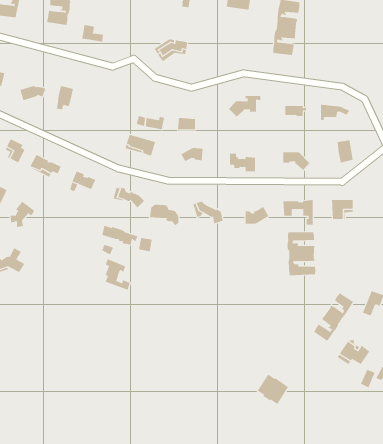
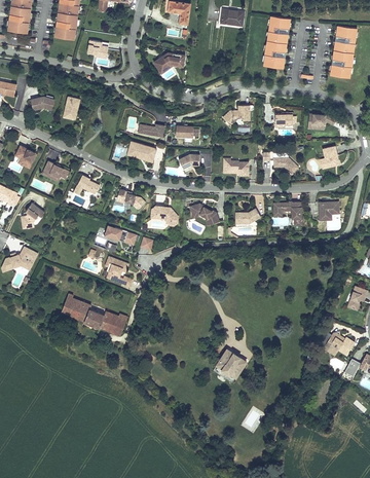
building: none -> [330,25,356,78]
building: [287,231,316,276] -> none
building: [314,293,354,342] -> none
building: none -> [61,293,126,335]
building: [257,374,289,405] -> [216,348,246,377]

